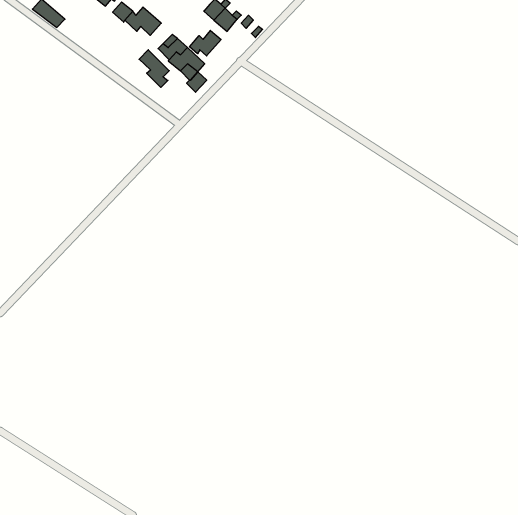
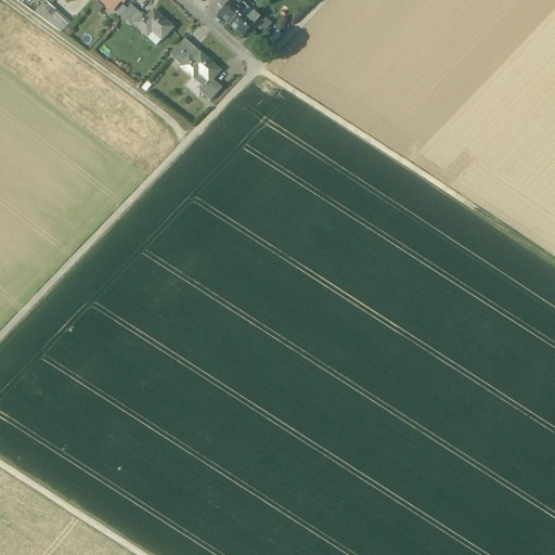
building: [190,30,221,56] -> none
building: [139,50,169,87] -> none

